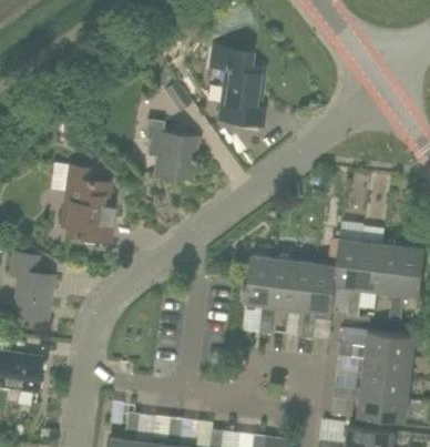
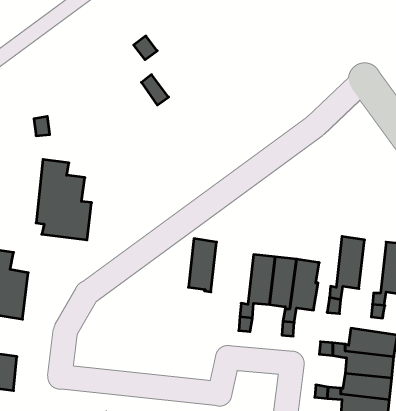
building: [211,47,264,126] -> none
building: [145,119,196,181] -> none
building: [335,238,360,291] -> none
building: [377,244,403,296] -> none
building: [246,255,274,307] -> [188,239,217,292]

